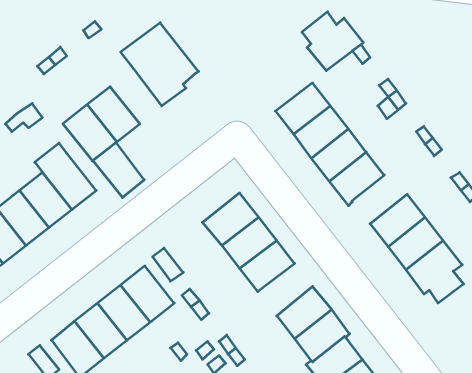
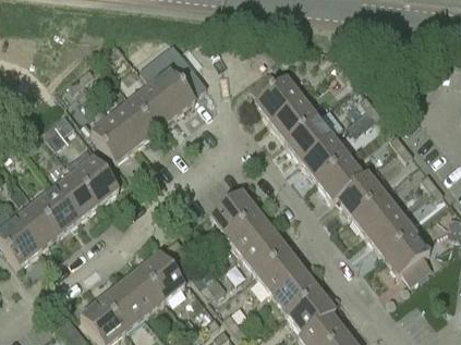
building: [302,12,363,71] -> [252,70,304,120]
building: [93,143,144,198] -> [132,84,175,131]
building: none -> [338,171,385,215]
building: none -> [257,249,304,294]

